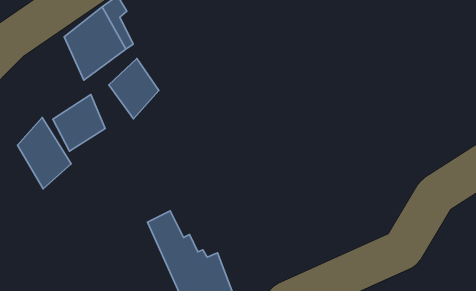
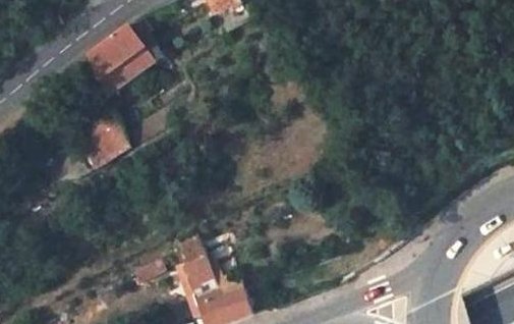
building: [109,58,159,119] -> none
building: [17,118,71,189] -> none

